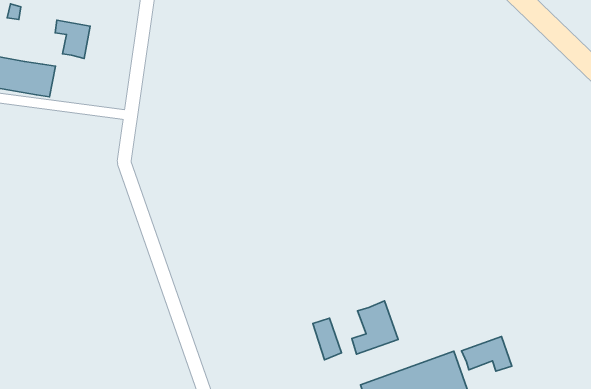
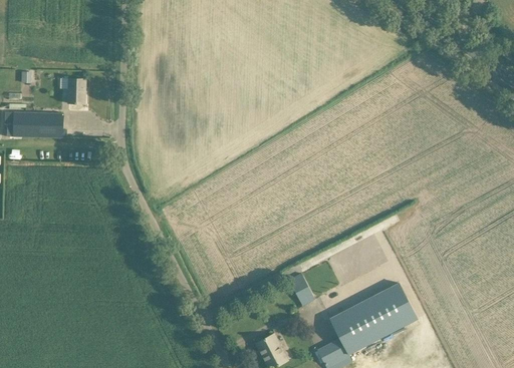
building: [352,301,398,354] -> none
building: [461,337,512,371] -> none

